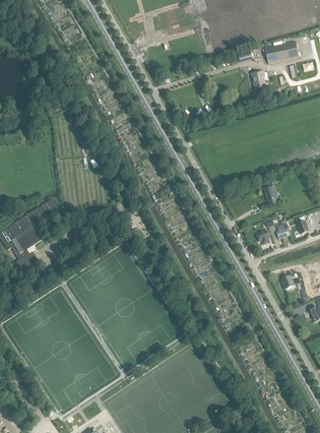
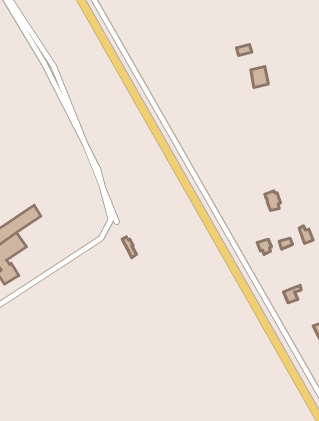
building: [264,41,298,63] -> none

